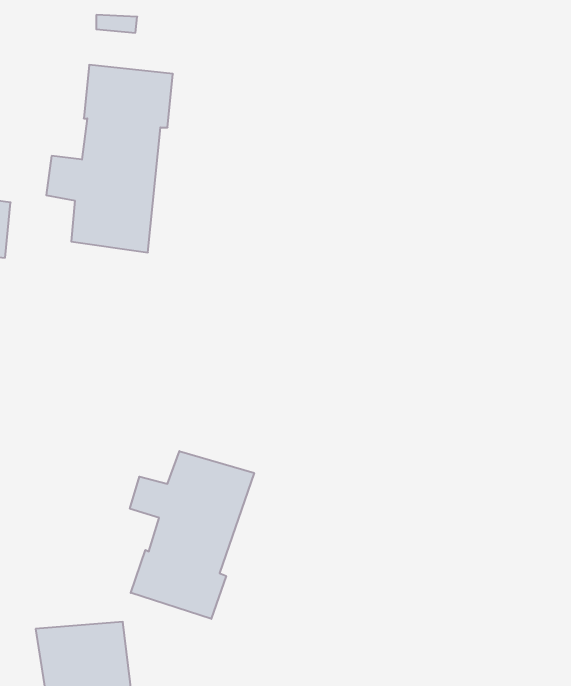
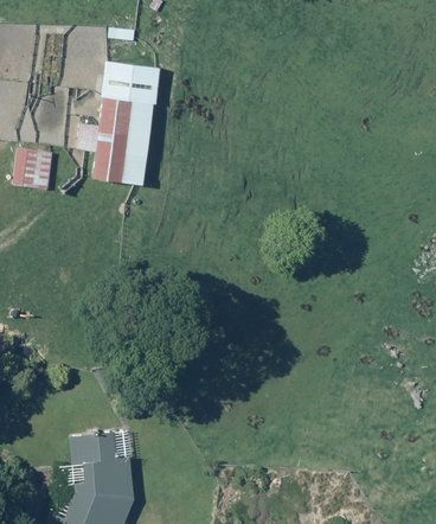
building: [130,451,254,619] -> none

